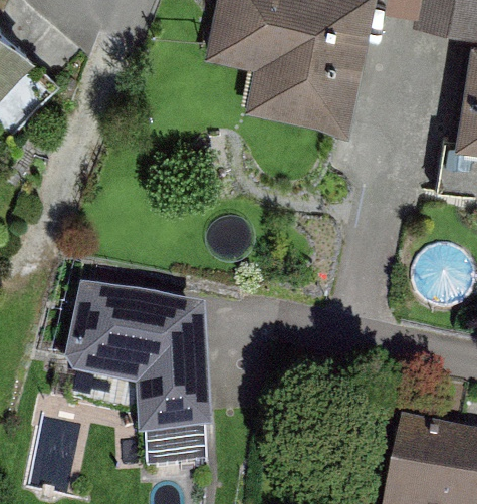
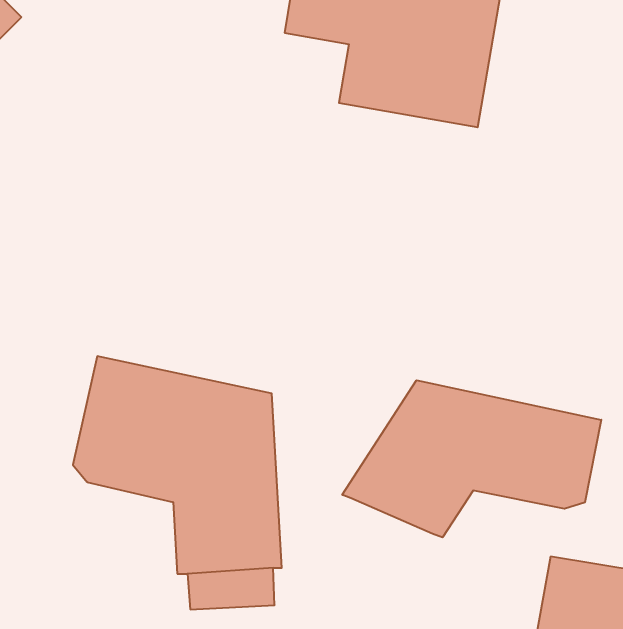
building: none -> [342,380,601,537]

